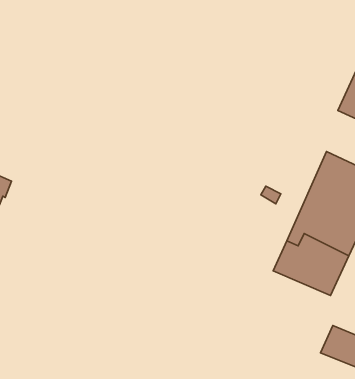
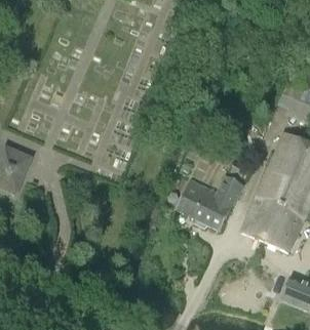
building: none -> [176,175,242,230]

